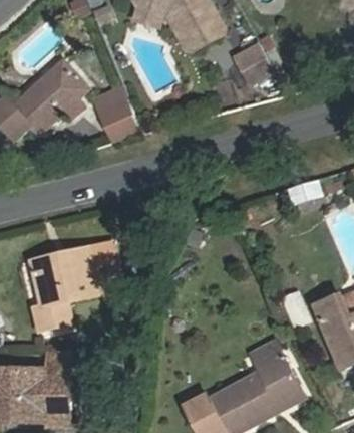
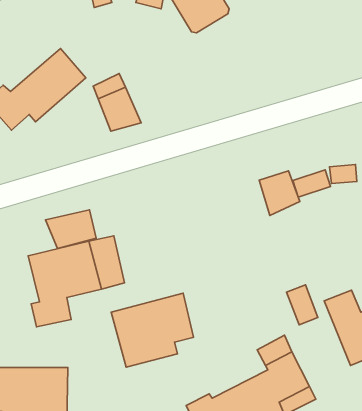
building: [233,37,273,79] -> none
building: none -> [259,171,300,215]
building: none -> [45,210,96,249]
building: none -> [111,293,194,367]

